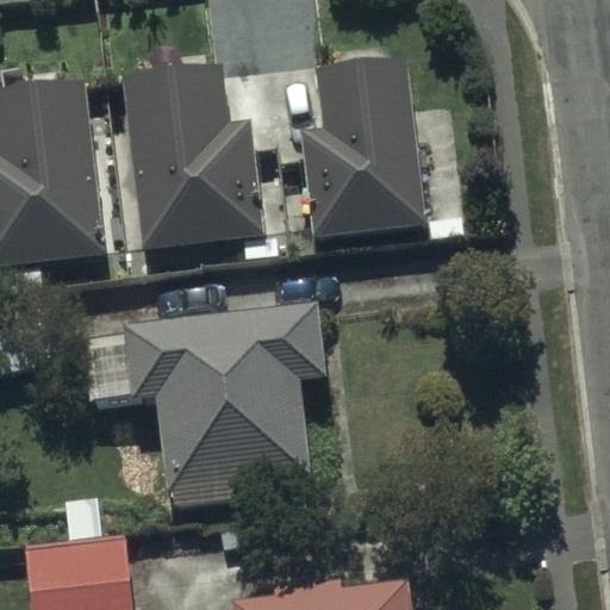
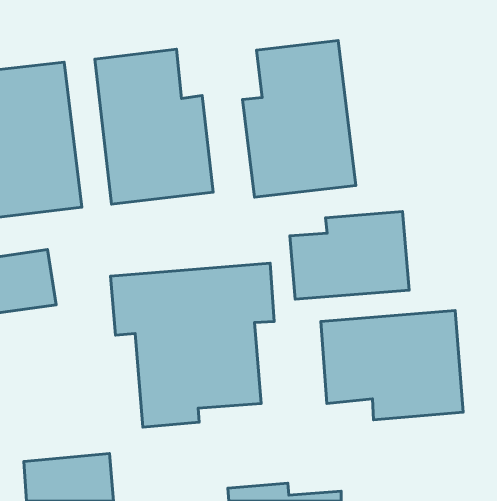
building: none -> [290,212,409,299]
building: none -> [321,311,463,420]

